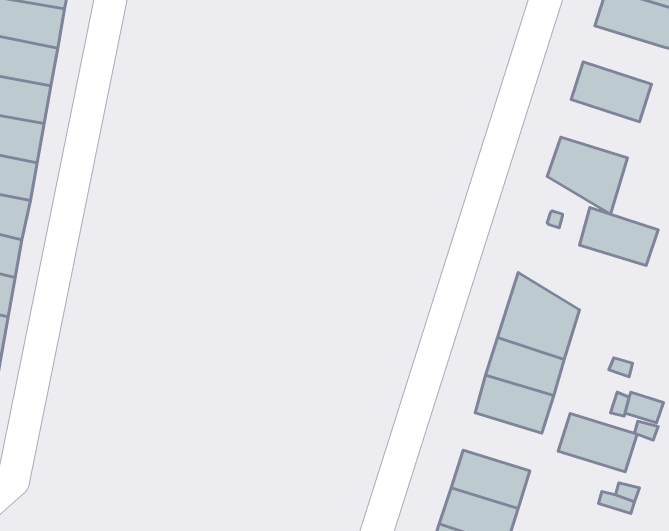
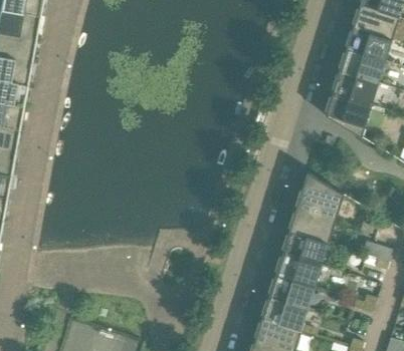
building: none -> [345,27,391,61]
building: [580,207,658,266] -> [332,70,378,104]
building: [558,414,637,472] -> [274,254,321,288]

